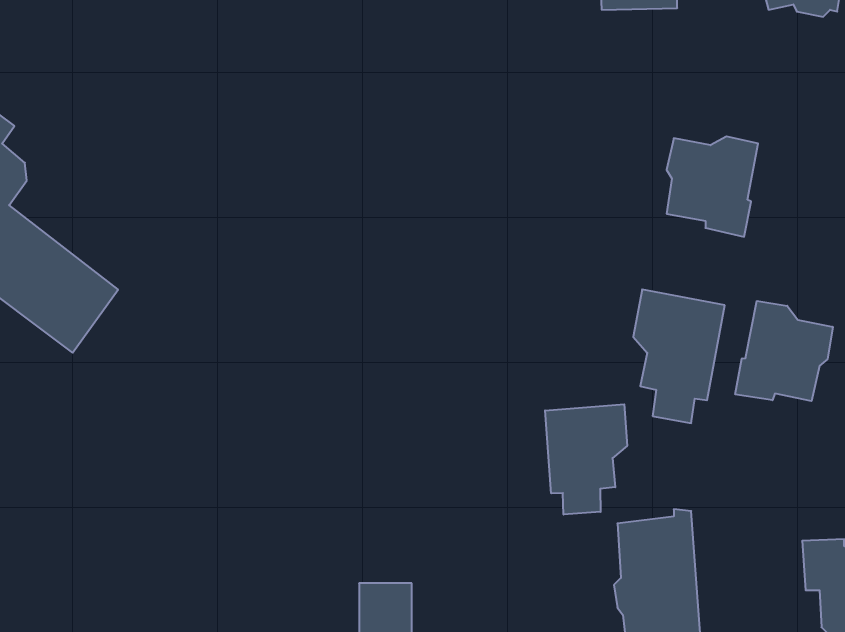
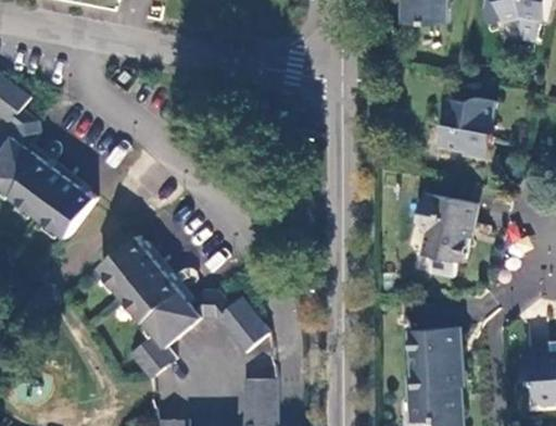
building: [735,301,833,401] -> none
building: none -> [101,234,273,377]
building: [545,404,627,515] -> none

